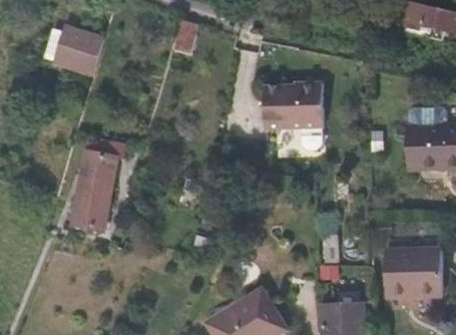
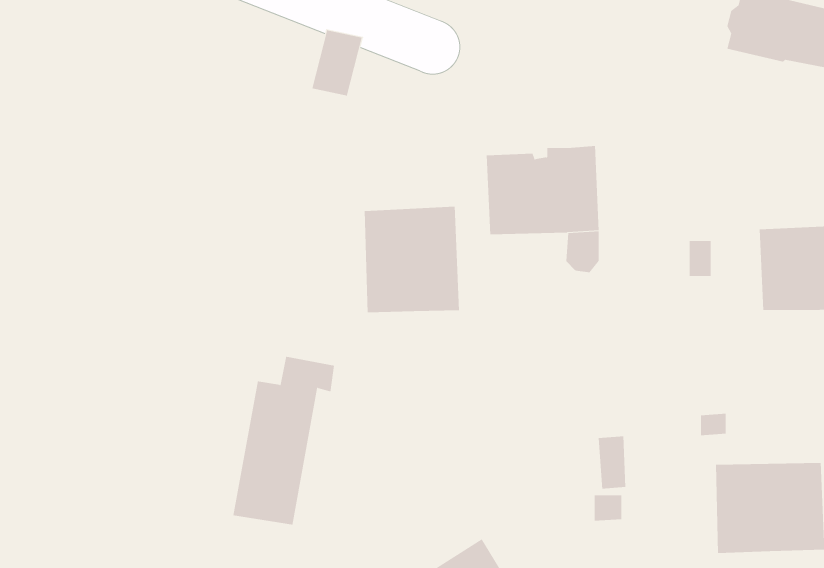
building: [41,27,101,85] -> none
building: none -> [364,206,460,313]
building: [70,139,124,229] -> [232,356,335,525]

